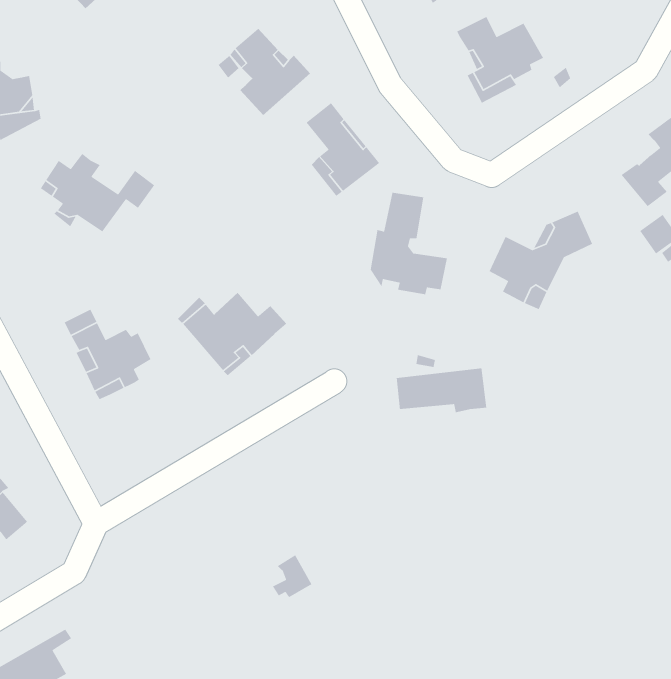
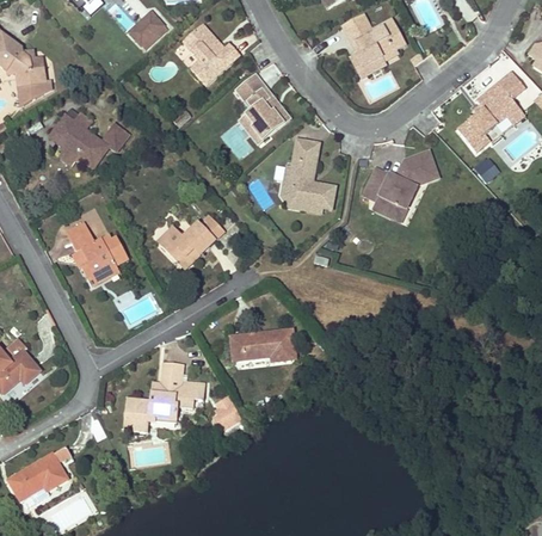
building: none -> [131,11,165,44]
building: [396,367,487,413] -> [232,329,296,362]
building: none -> [125,361,205,431]

